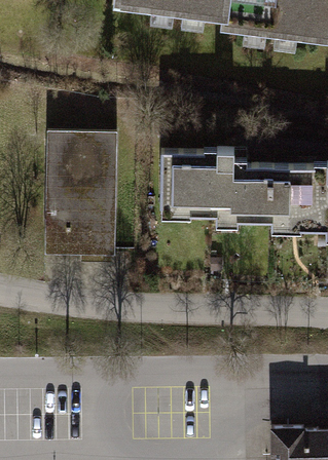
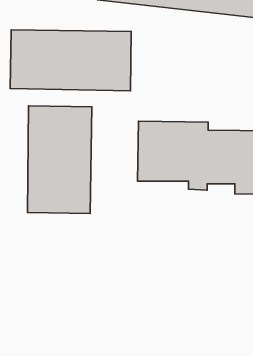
building: none -> [10,30,131,91]

